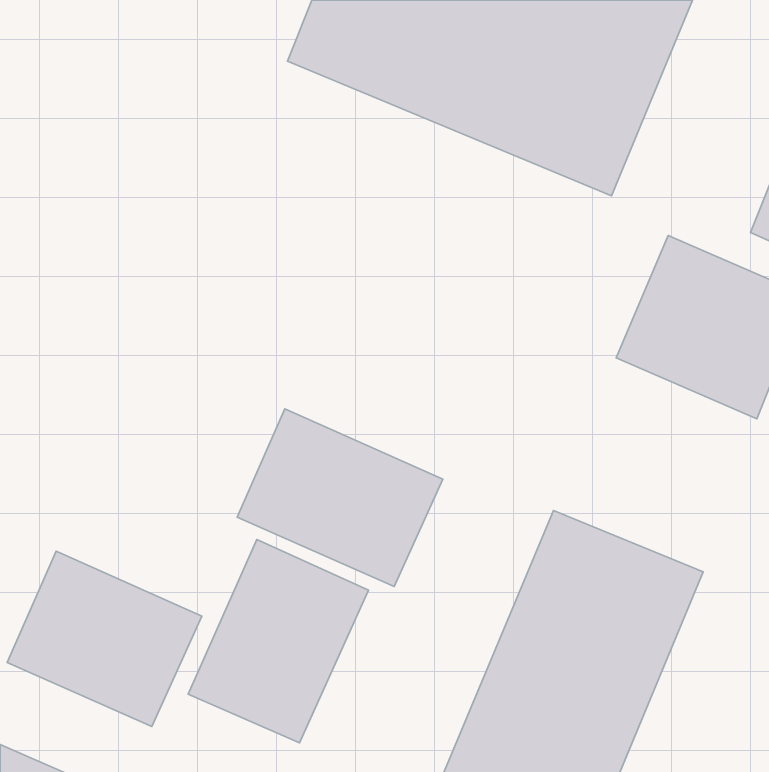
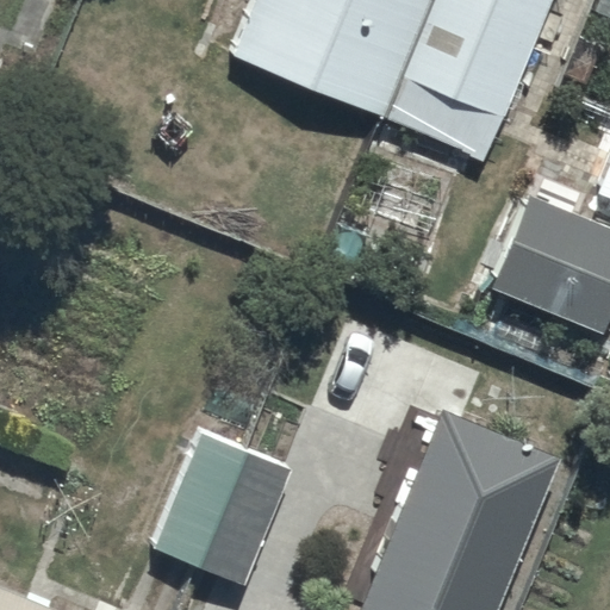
building: [237,409,443,587] -> none
building: [7,551,202,726] -> none

